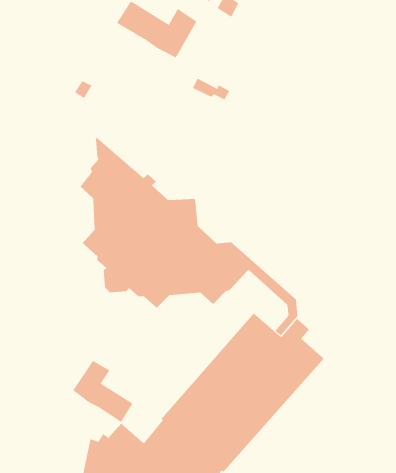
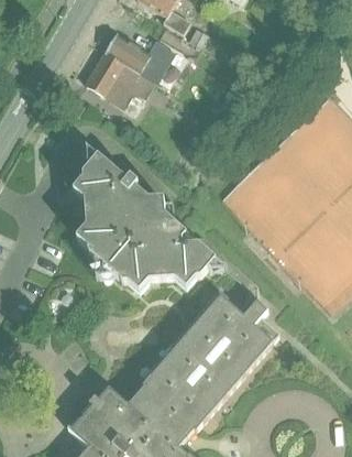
building: none -> [86,51,154,107]
building: [73,360,133,423] -> none

